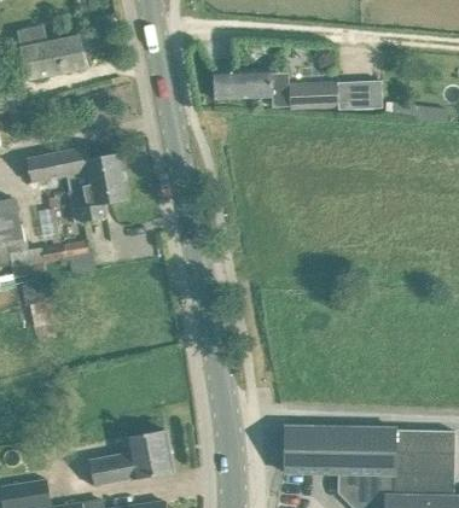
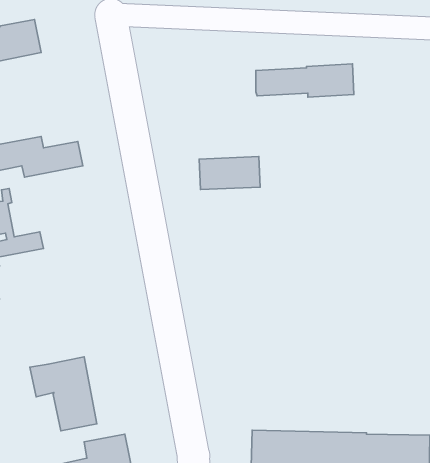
building: [213,69,271,100] -> [199,157,260,190]
building: [66,175,129,223] -> none
building: none -> [30,357,97,431]

